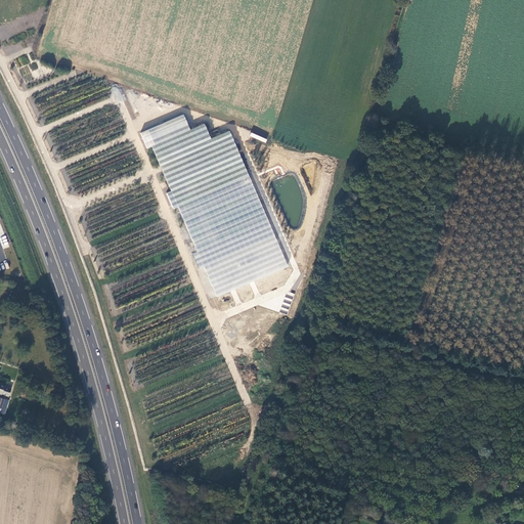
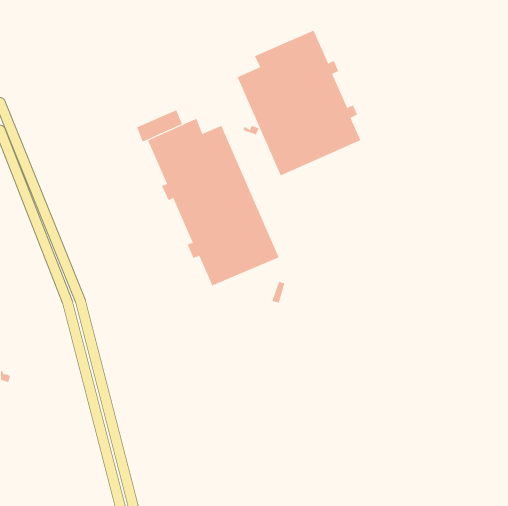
building: none -> [237,30,361,176]

